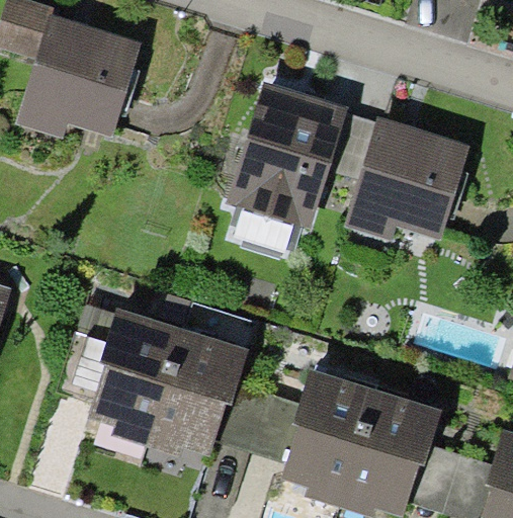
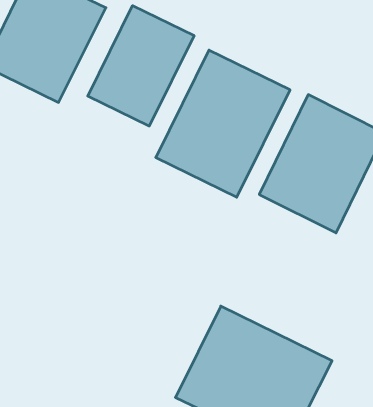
building: none -> [88,6,194,126]
building: [75,303,243,457] -> none

